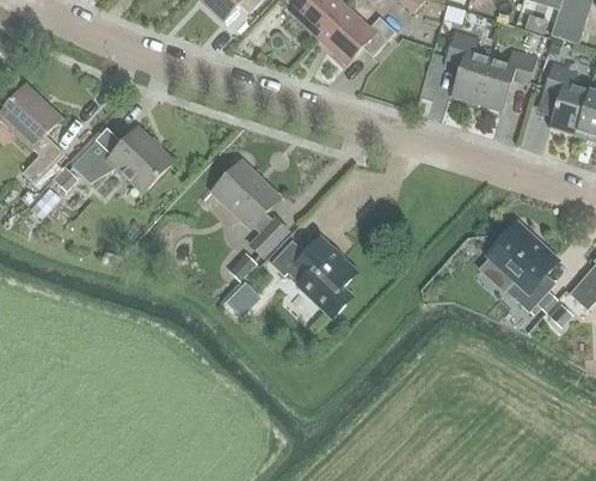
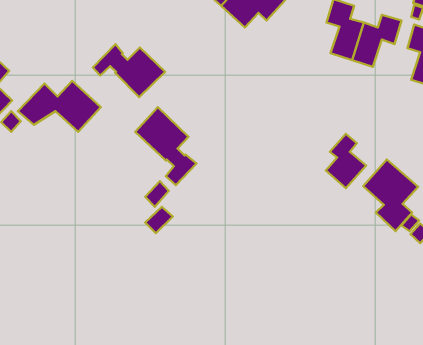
building: none -> [93,44,165,97]
building: none -> [326,134,366,188]
building: [271,236,357,318] -> none

